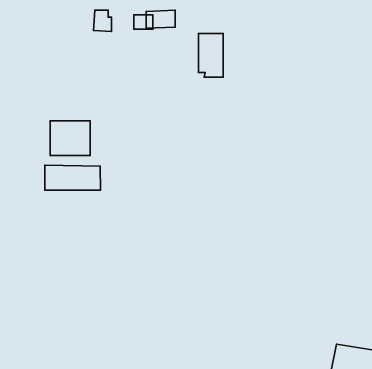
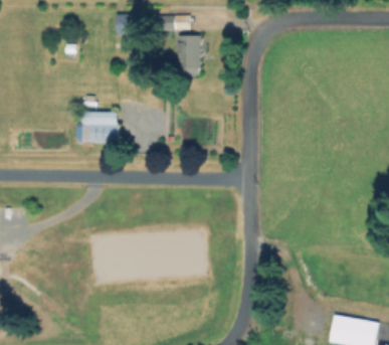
building: [199,34,223,77] -> [179,34,201,73]
building: [45,165,101,190] -> none

